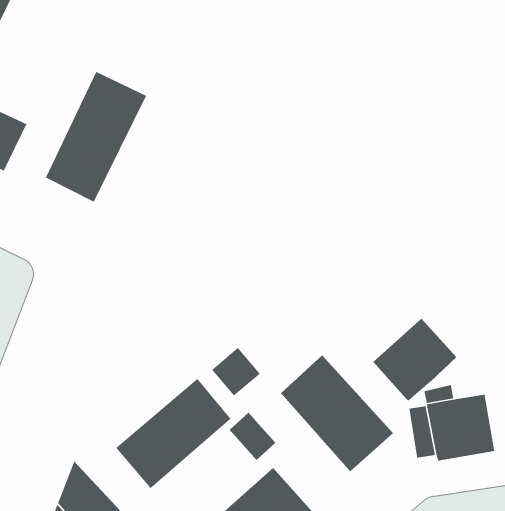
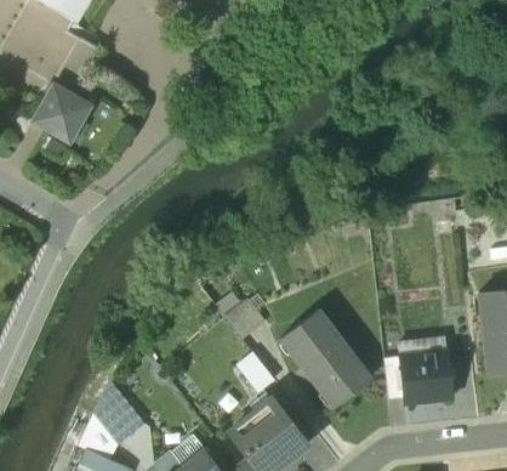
building: [45,71,147,203] -> none
building: [373,318,457,401] -> none
building: [115,378,232,489] -> none

